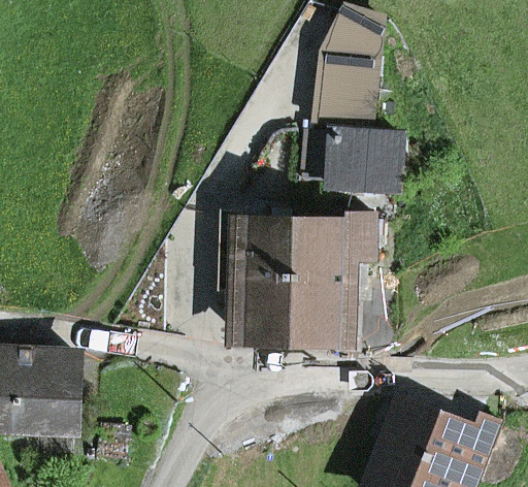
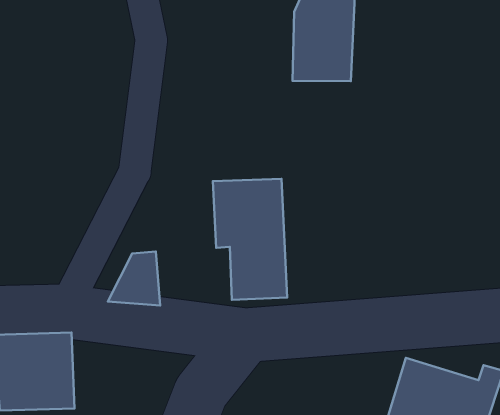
building: [303,130,403,191] -> none
building: [293,215,376,338] -> none

